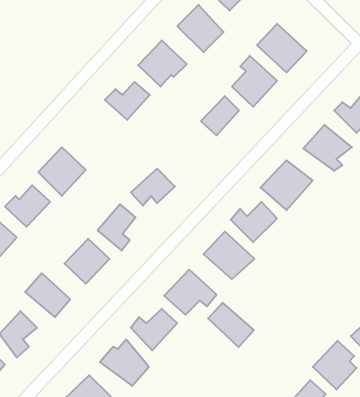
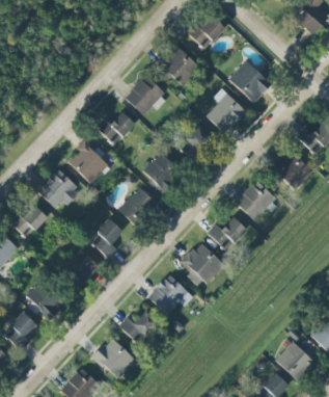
building: none -> [66,140,110,183]
building: none -> [142,152,181,190]
building: [208,303,254,347] -> none

